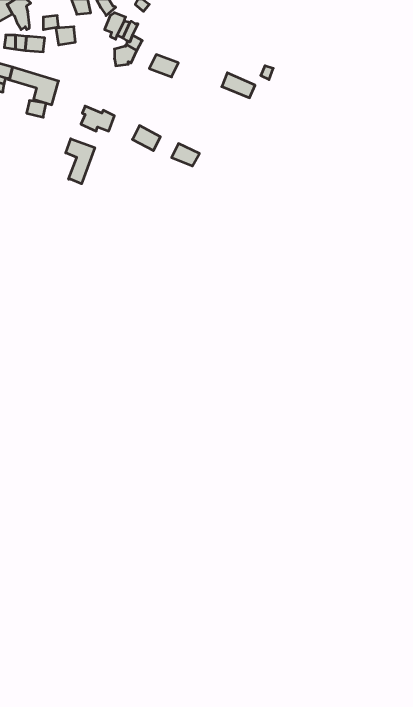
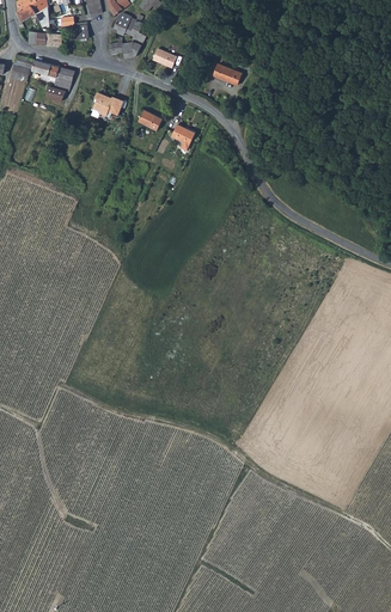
building: [66,139,95,184] -> none

